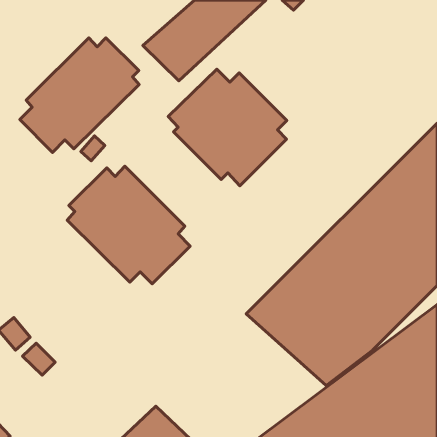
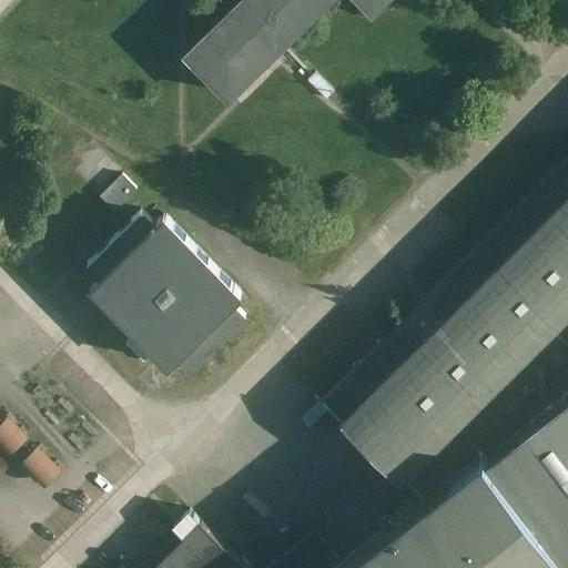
building: [20,38,139,152] -> none
building: [168,69,287,186] -> none

